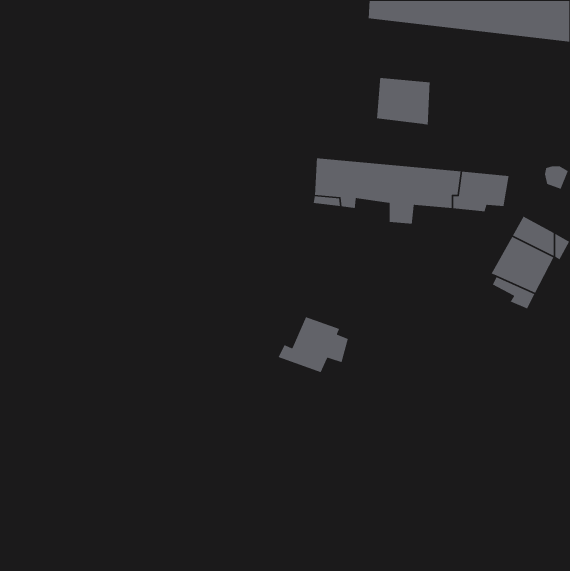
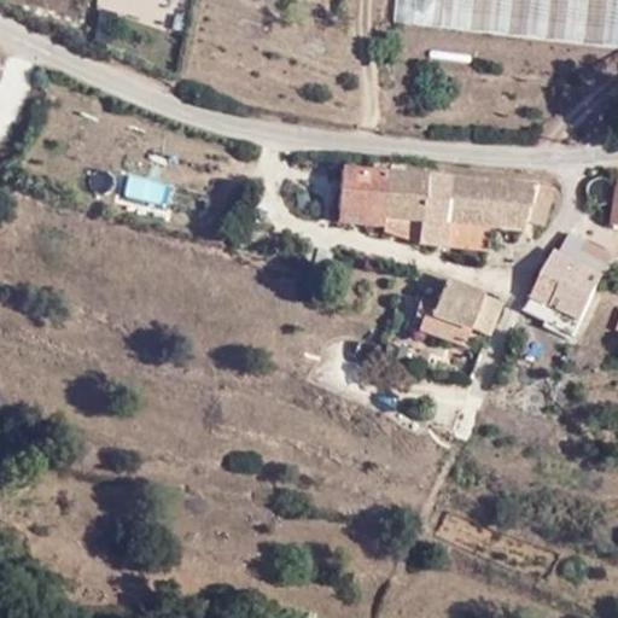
building: [376,77,430,126] -> none
building: [277,316,349,373] -> [416,281,494,343]

